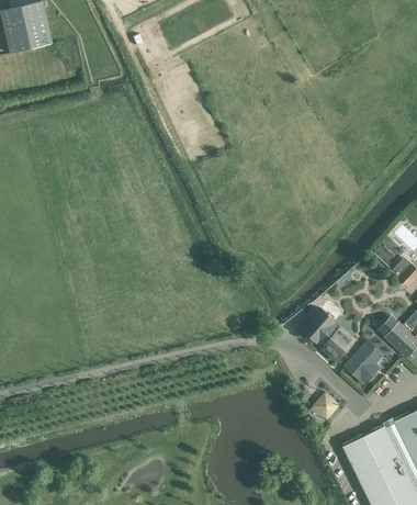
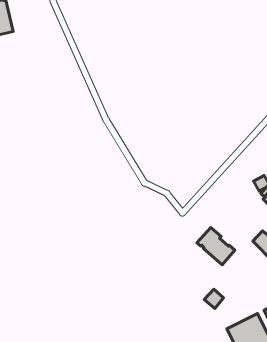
building: [345,341,382,383] -> none

